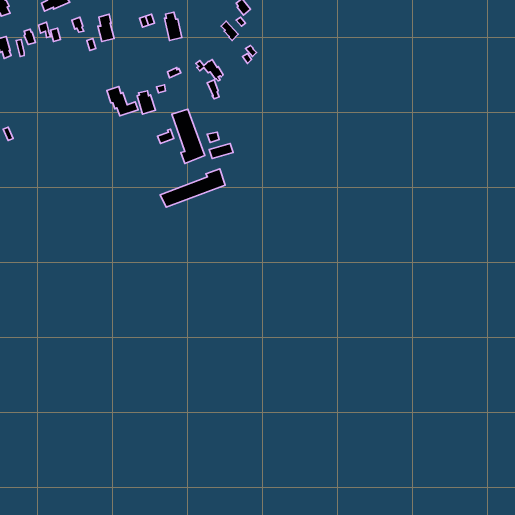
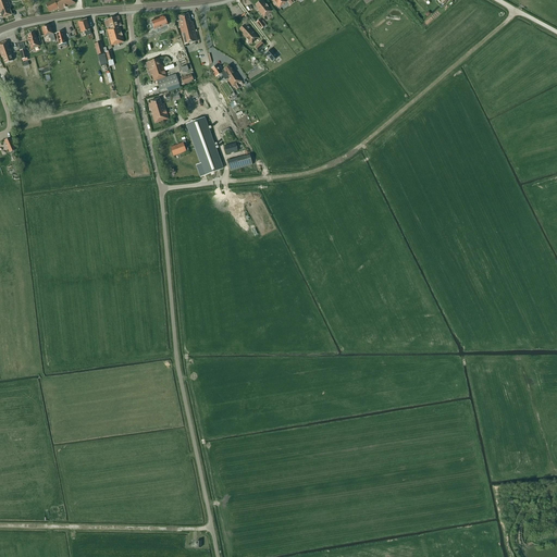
building: [107,87,138,116] -> [145,58,178,89]
building: [160,169,225,207] -> none

